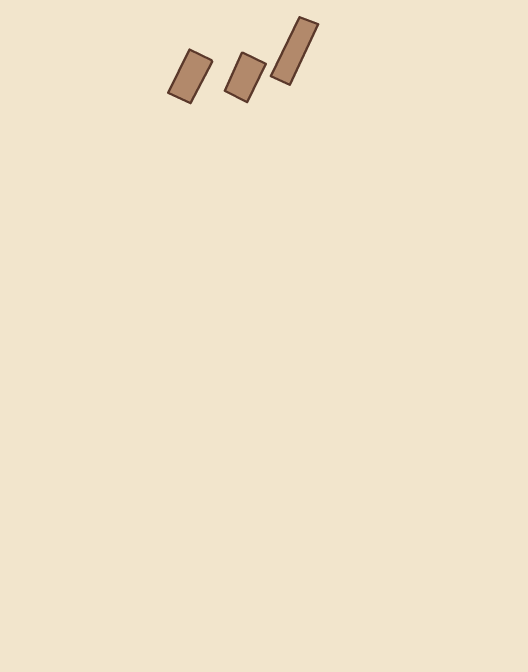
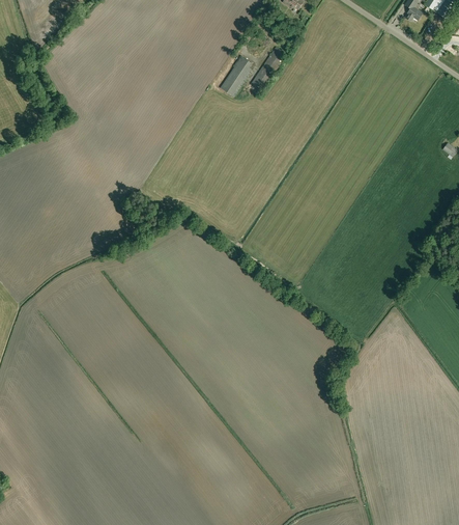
building: [168,50,212,103] -> none

